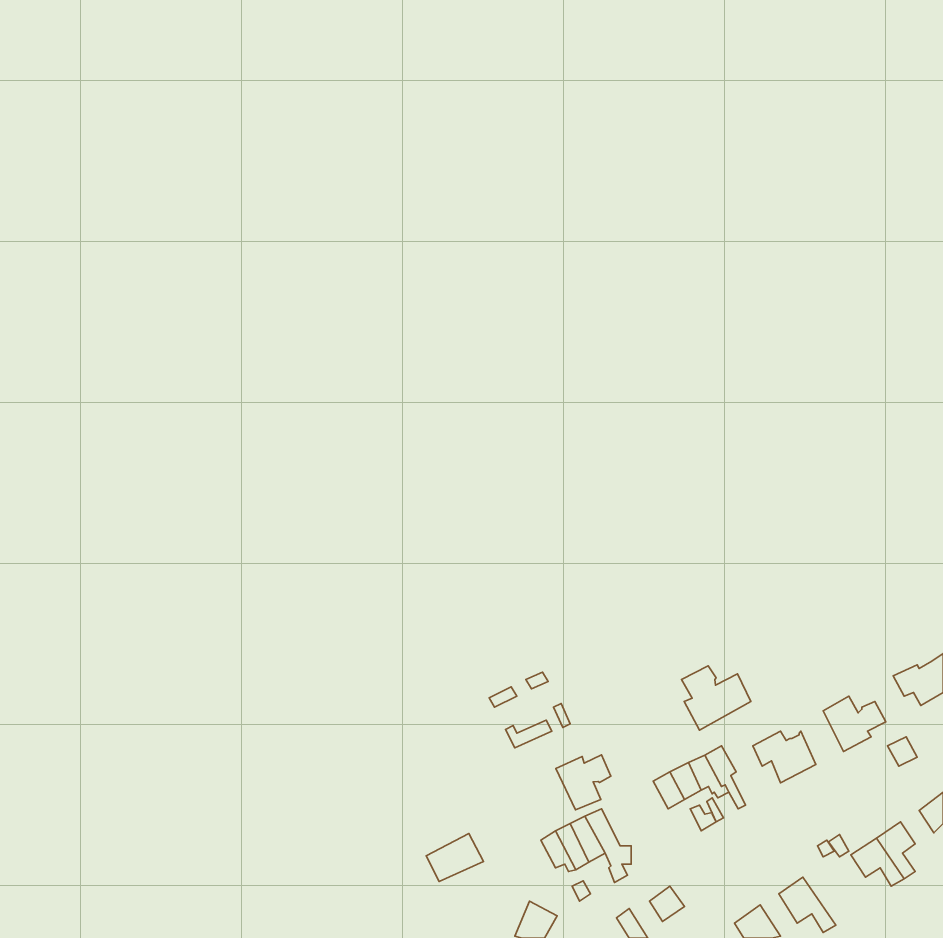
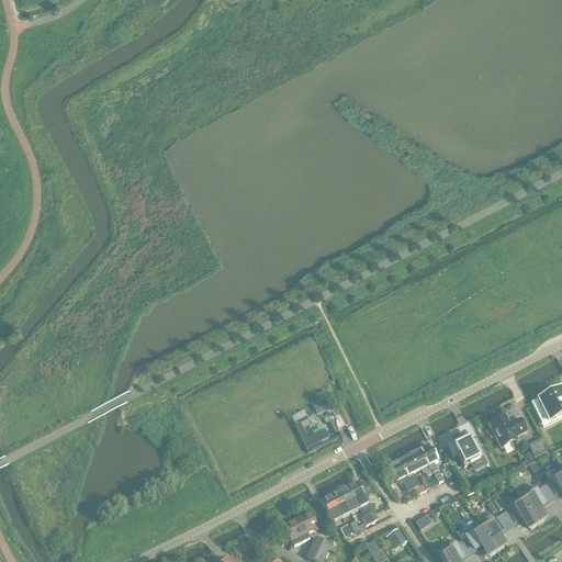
building: [682,666,751,730] -> none
building: [556,755,611,810] -> none
building: [426,834,484,882] -> [284,510,318,539]
building: none -> [477,512,505,550]

